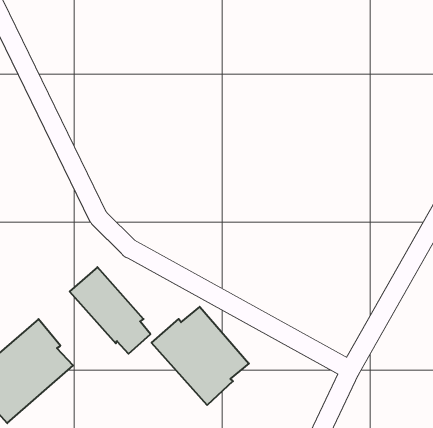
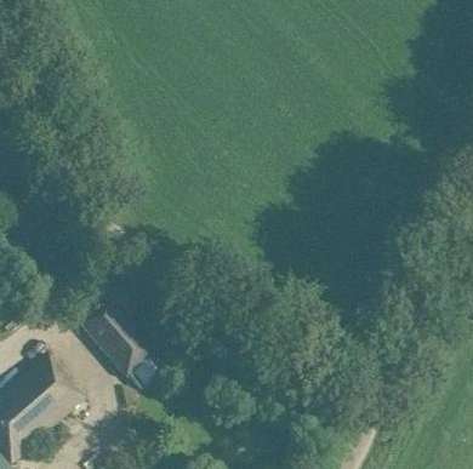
building: [152,307,249,405] -> none

